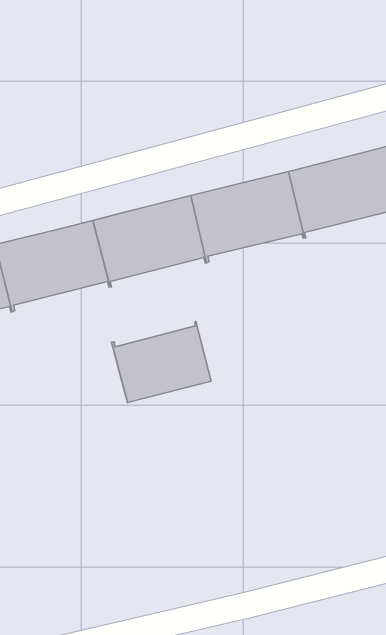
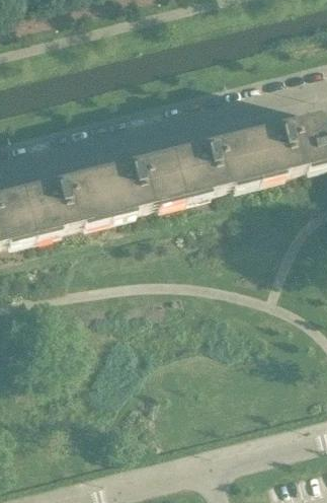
building: [112,322,211,403] -> none

